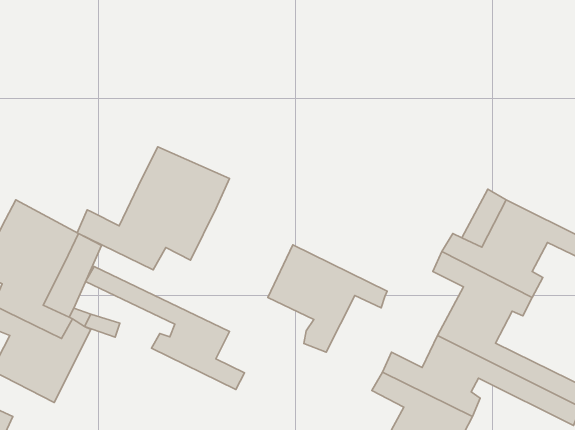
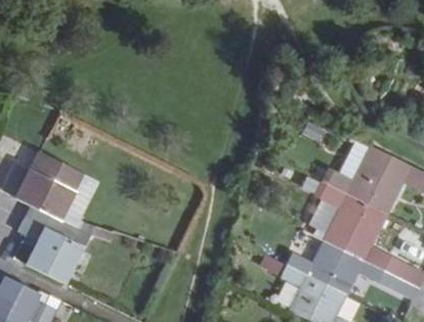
building: [77,147,230,270] -> none
building: [268,245,387,352] -> none
building: [86,267,245,389] -> none

